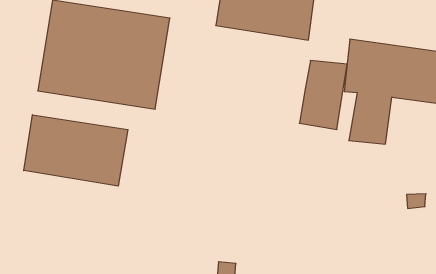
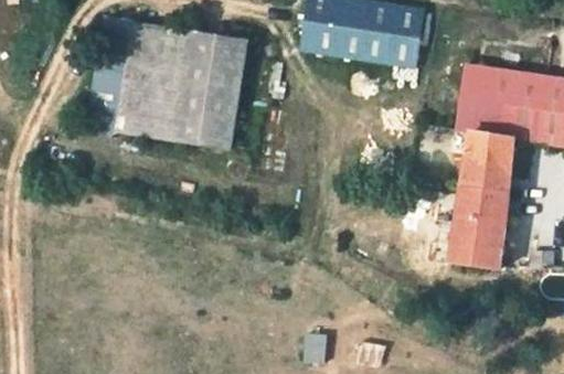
building: [299,61,347,130] -> [441,186,499,269]
building: [24,115,128,186] -> none

